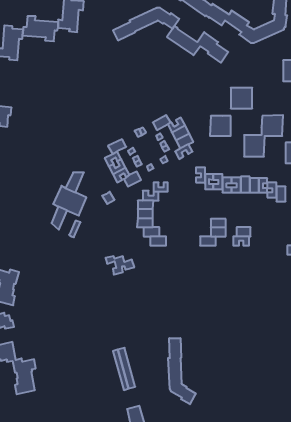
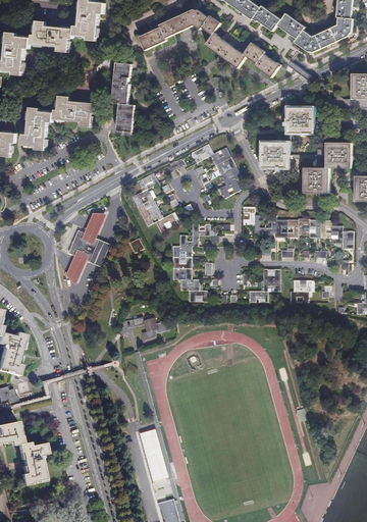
building: none -> [113,63,137,133]
building: none -> [23,95,97,150]
building: [168,338,196,404] -> none

